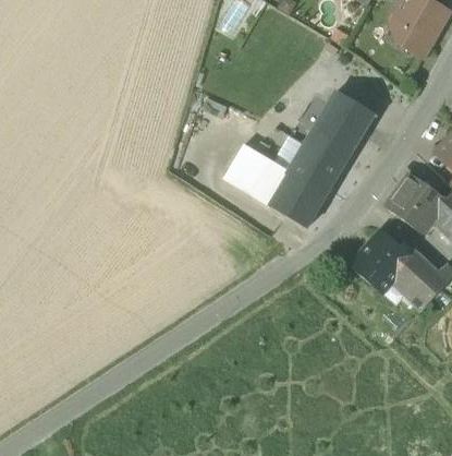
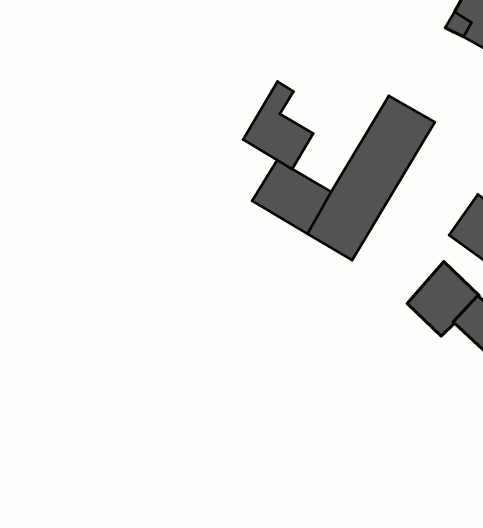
building: none -> [243,81,313,169]

